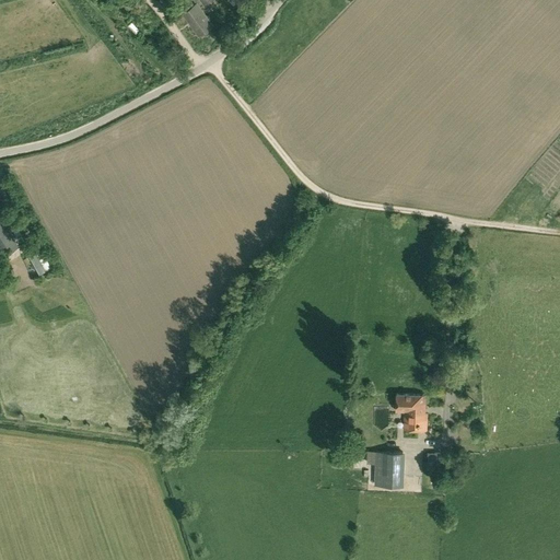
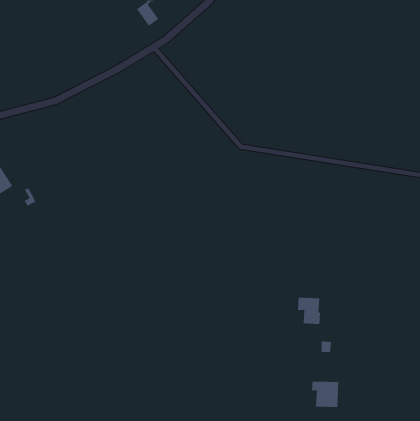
building: [366,452,404,487] -> [311,381,339,407]

